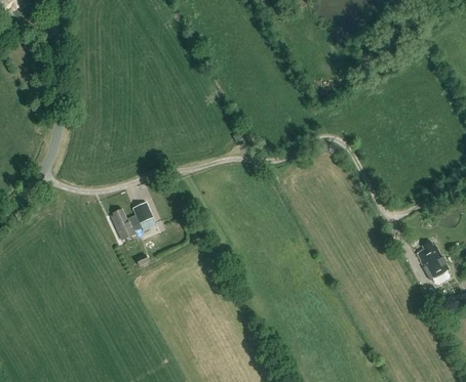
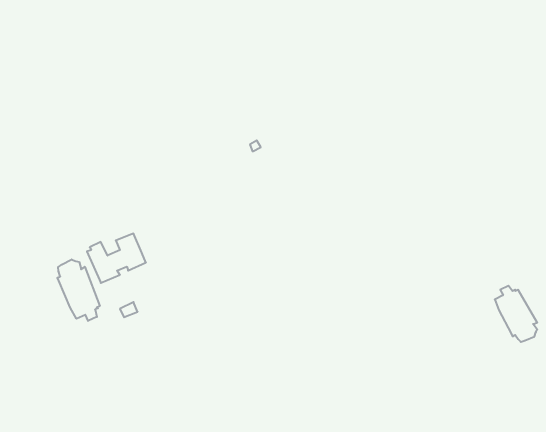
building: none -> [57,259,100,321]

